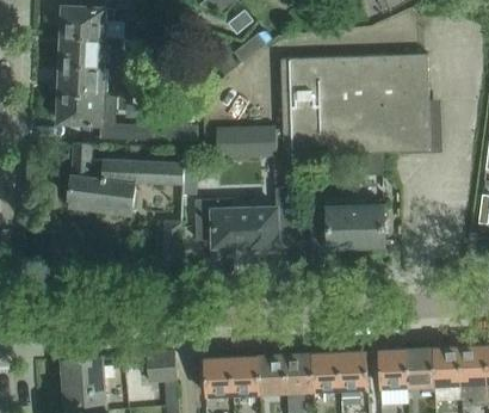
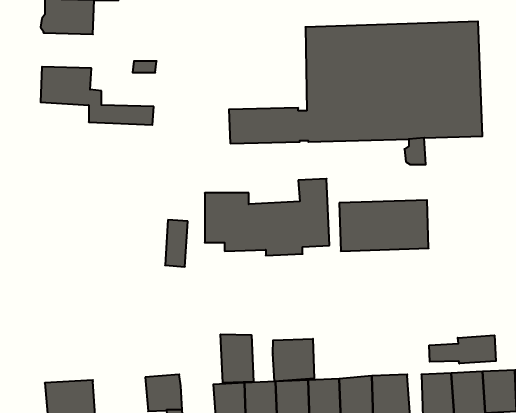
building: [58,63,103,93] -> none
building: [69,143,185,215] -> none
building: none -> [221,334,254,383]
building: none -> [429,335,496,364]
building: none -> [273,339,314,382]

